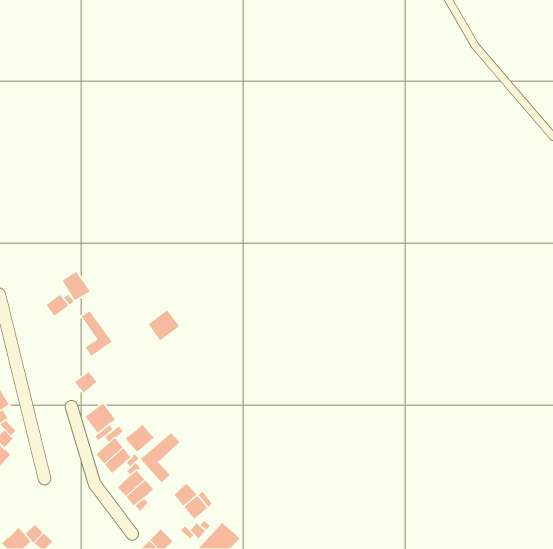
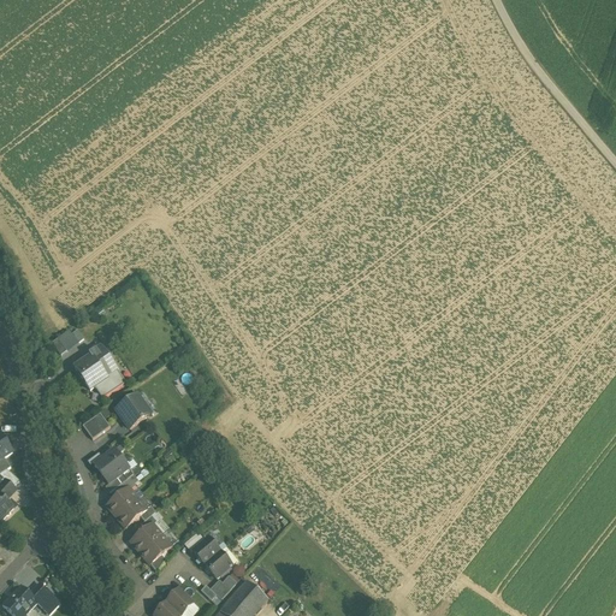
building: [61,271,91,301] -> [75,354,107,387]
building: [148,309,180,342] -> [116,391,152,427]
building: [125,423,155,453] -> none
building: [140,432,181,483] -> none

